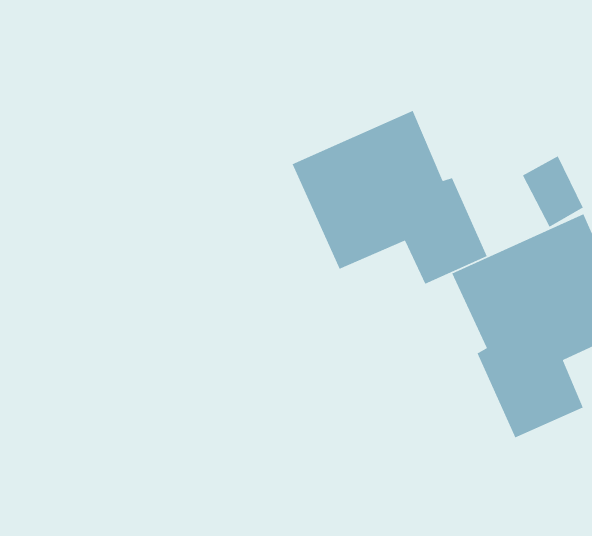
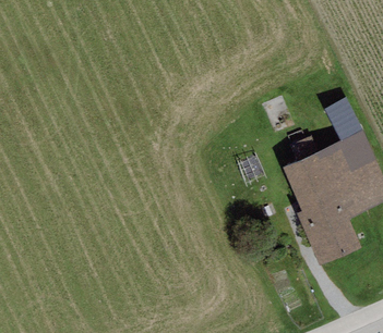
building: [292,110,488,285] -> none

